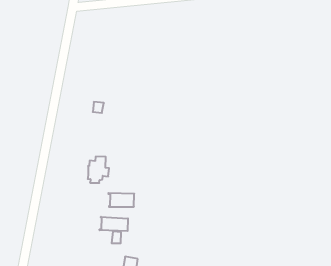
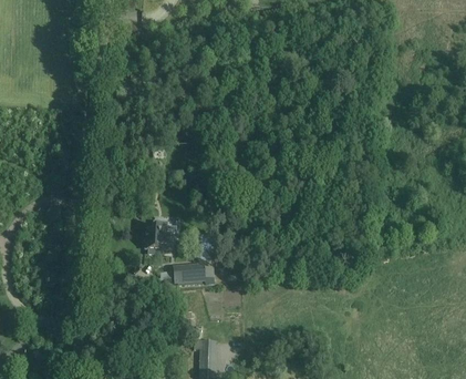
building: [100,217,128,231] -> none

